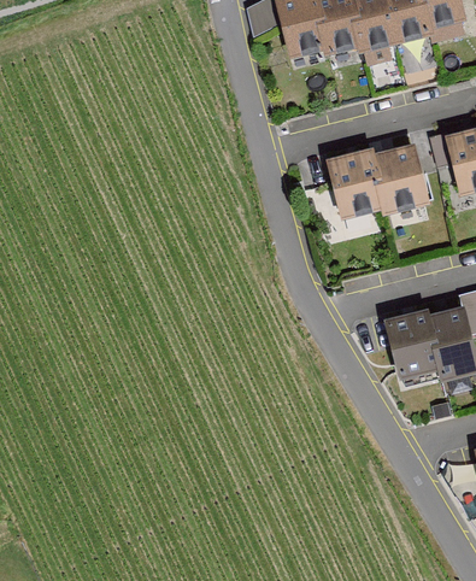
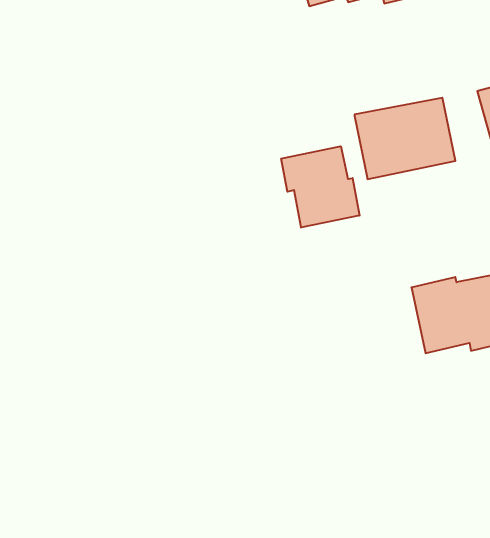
building: none -> [281,146,360,228]

